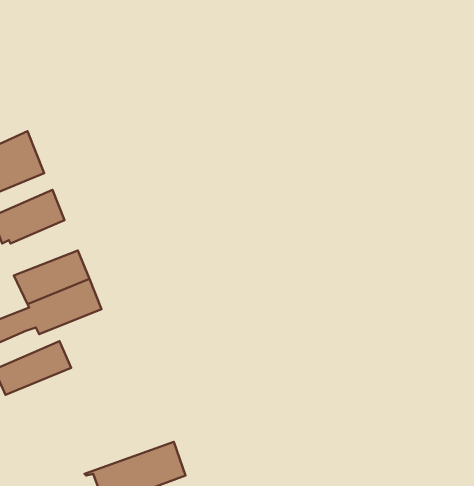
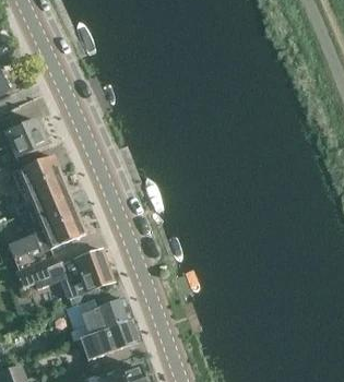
building: none -> [25,175,69,211]
building: none -> [64,248,114,305]
building: none -> [70,297,131,339]

